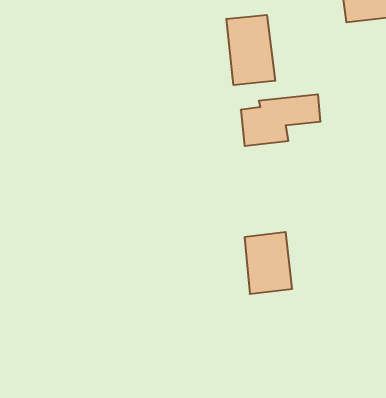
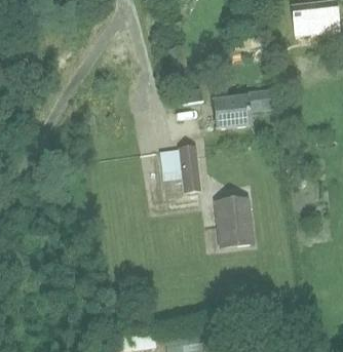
building: [226,15,275,85] -> none
building: none -> [159,146,201,193]

